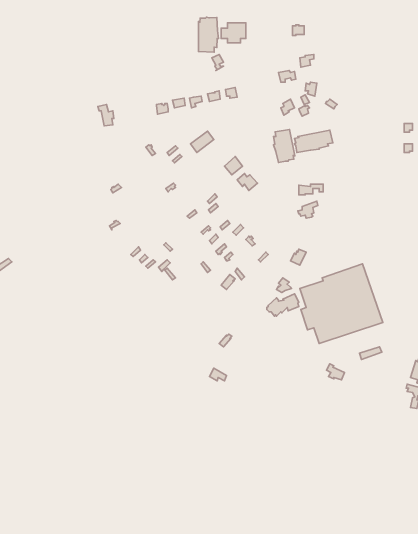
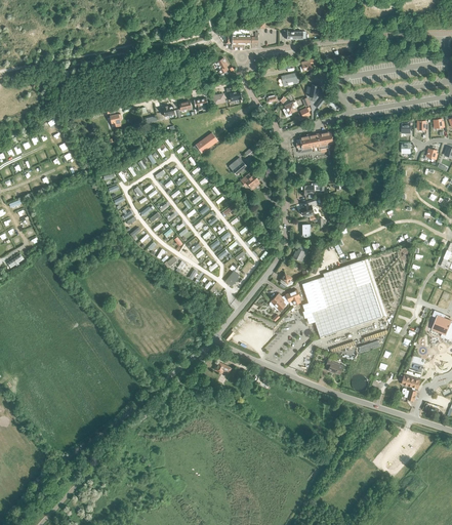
building: [198,17,218,52] -> none
building: [273,130,295,163] -> none

